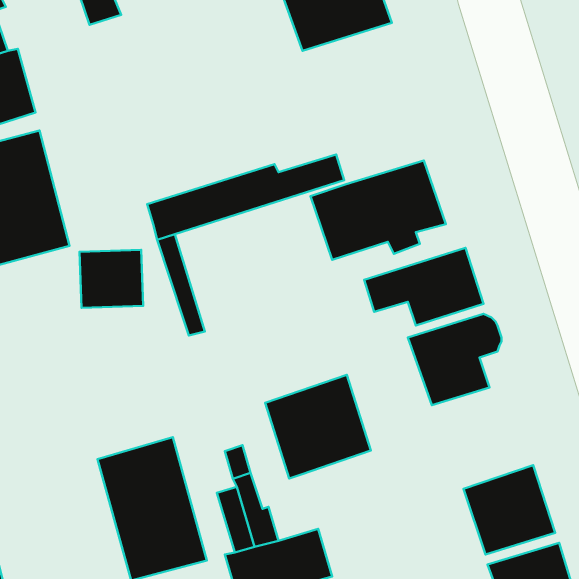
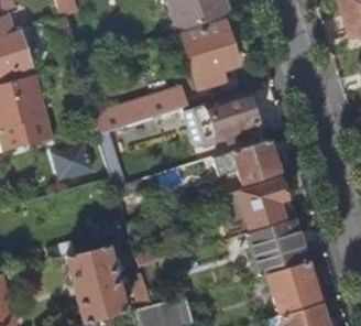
building: none -> [182,23,238,83]
building: [265,375,371,478] -> [248,219,306,276]

